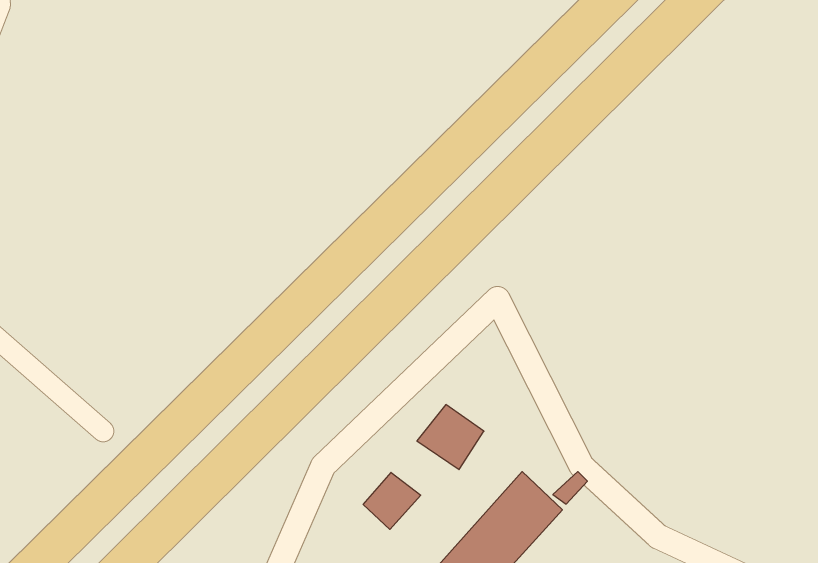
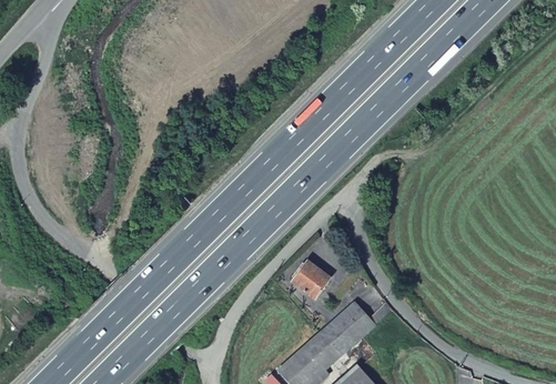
building: [363,472,421,529] -> none

